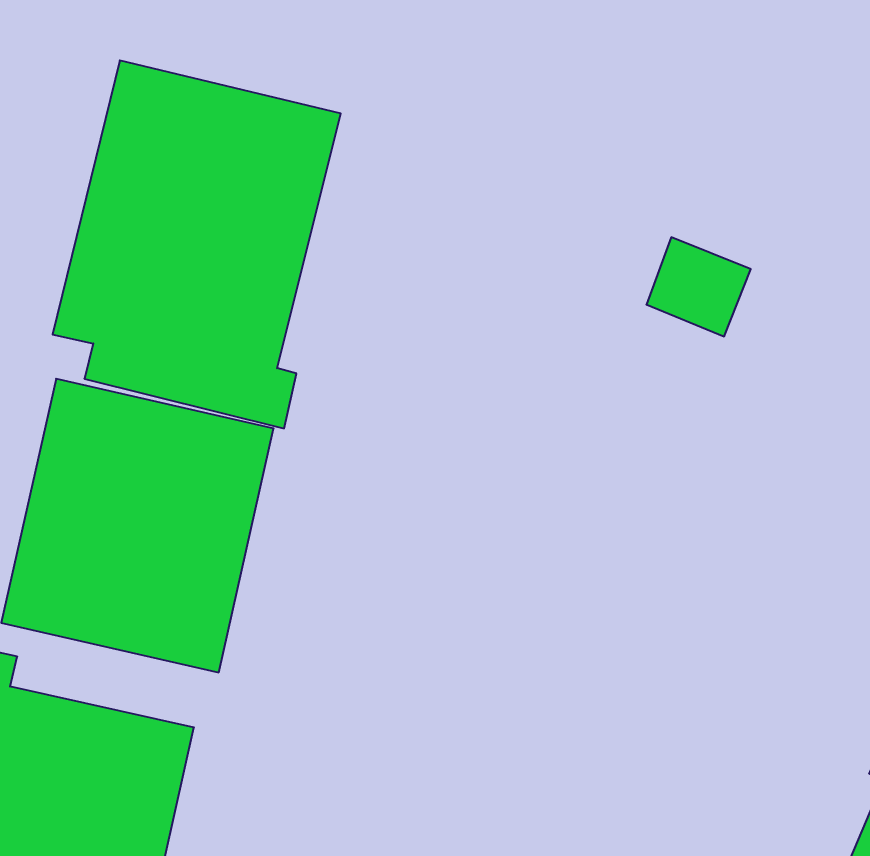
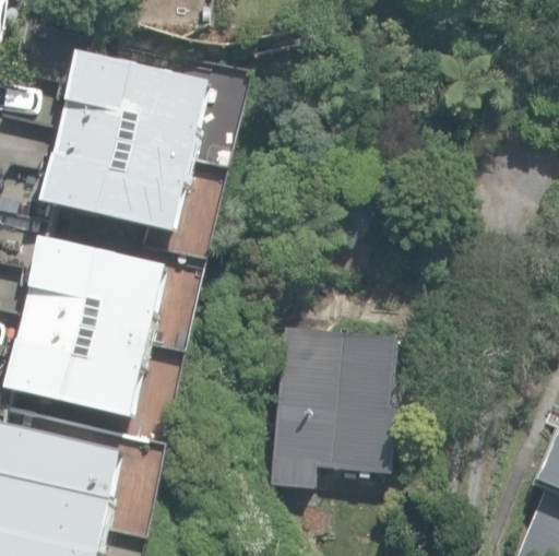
building: none -> [272,327,403,489]

